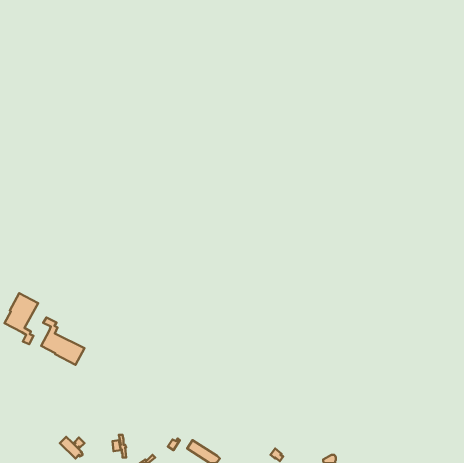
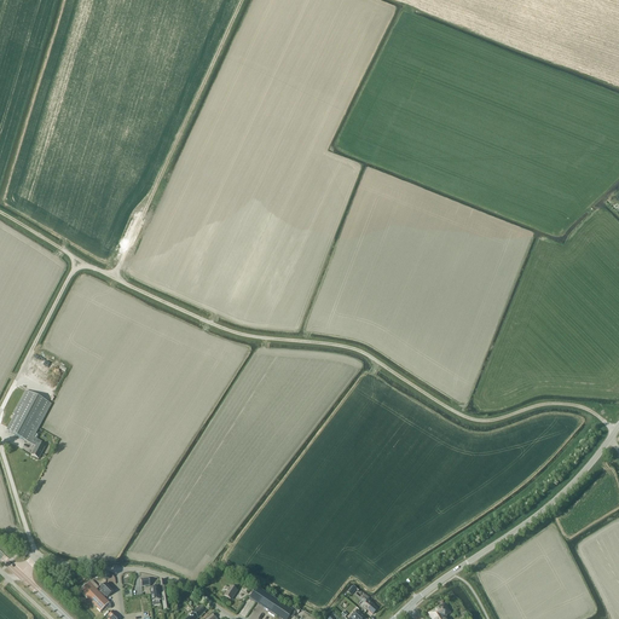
building: [41,318,84,365] -> none

